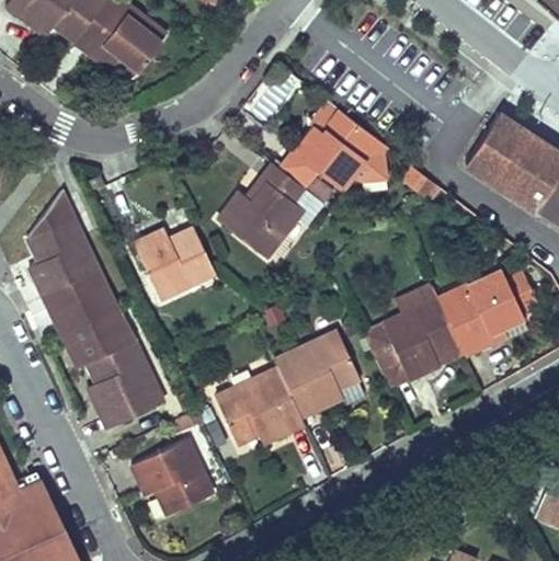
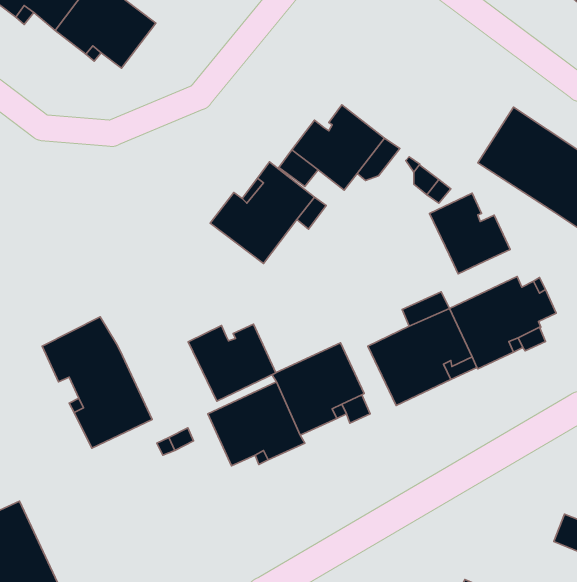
building: [27,191,115,334] -> none
building: none -> [430,193,510,274]
building: [134,228,215,299] -> [188,324,276,401]
building: [132,438,213,516] -> none

